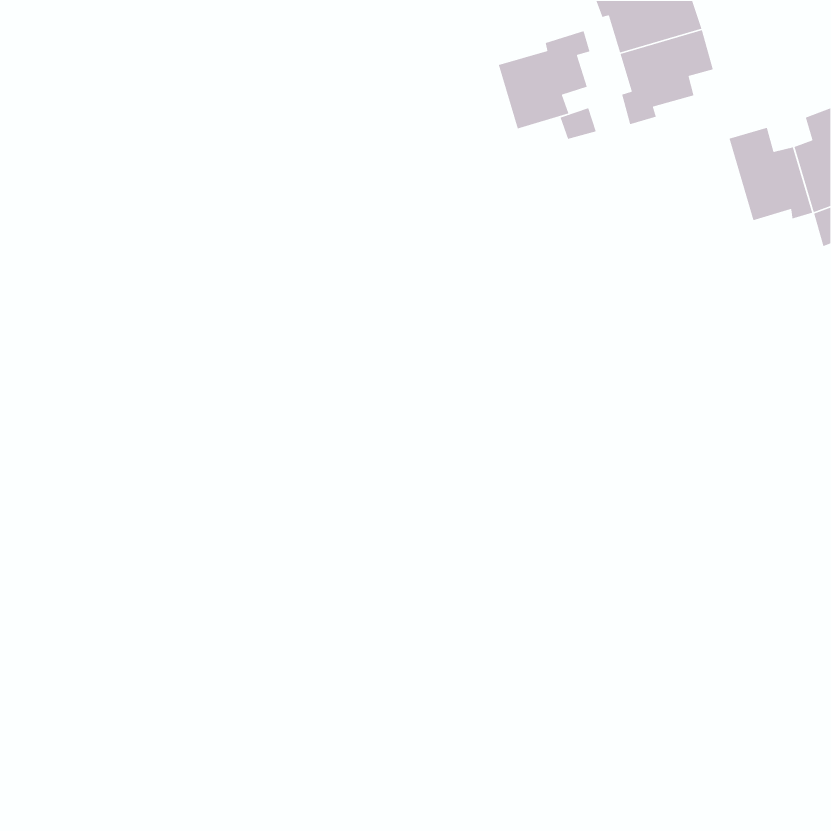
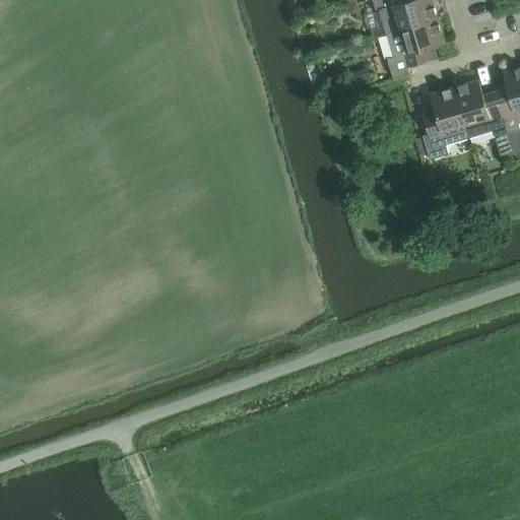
building: [498,30,591,130] -> none
building: none -> [422,86,470,160]

